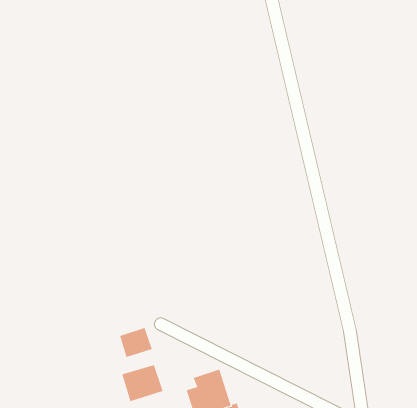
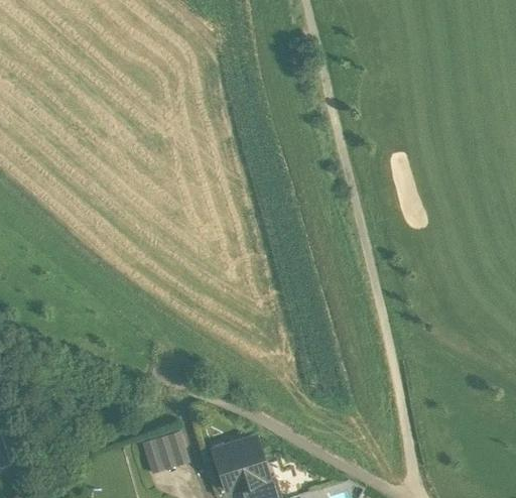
building: [119,327,153,358] -> none

